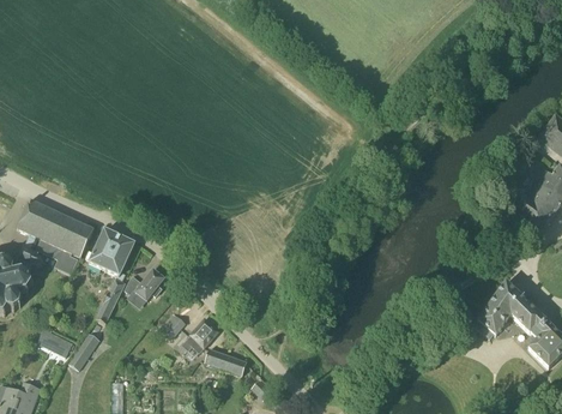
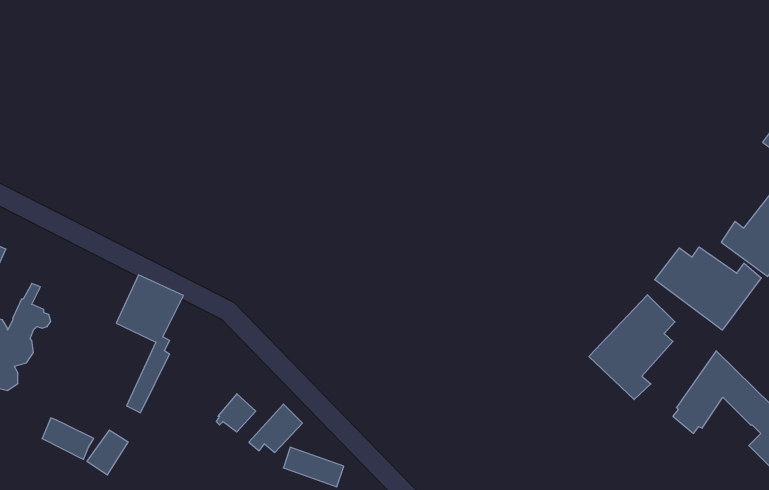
building: [17,198,95,274] -> none
building: none -> [655,247,761,330]
building: none -> [589,295,675,400]
building: [125,269,164,300] -> none

